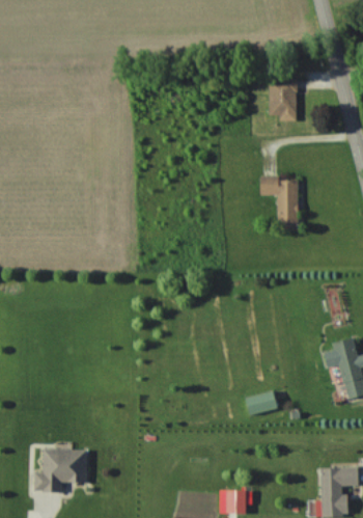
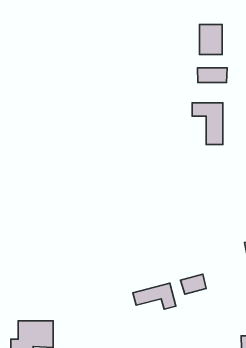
building: none -> [197,68,227,83]
building: none -> [133,283,176,309]

